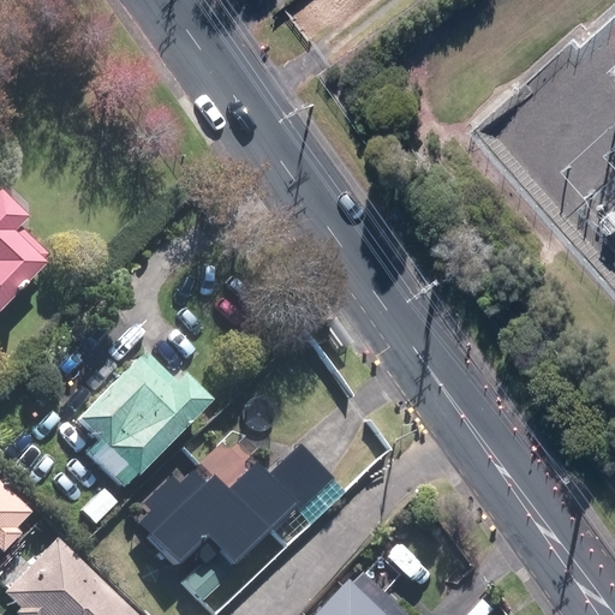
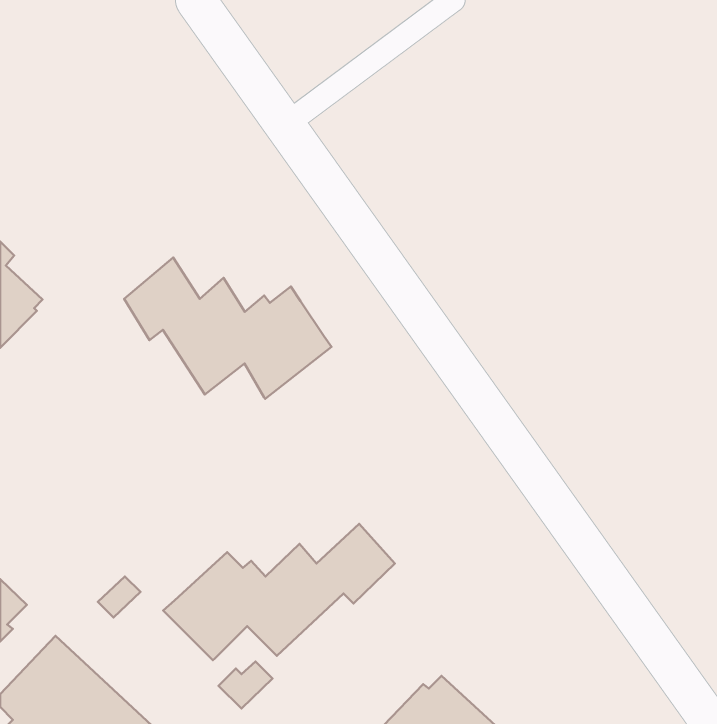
building: none -> [124,257,331,399]
building: [70,356,202,488] -> none

